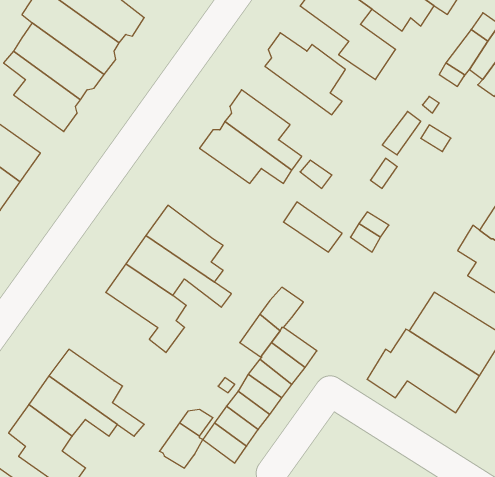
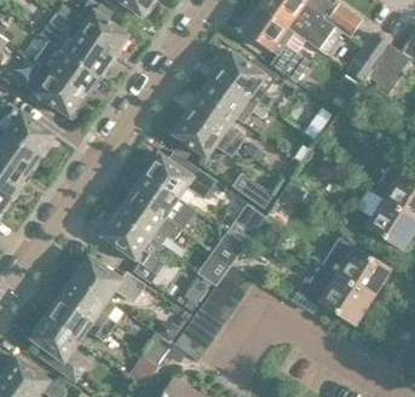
building: none -> [200,73,267,121]
building: none -> [146,150,214,199]
building: none -> [225,202,264,243]
building: none -> [75,255,143,300]

